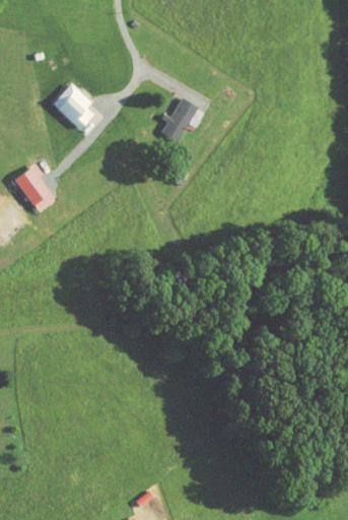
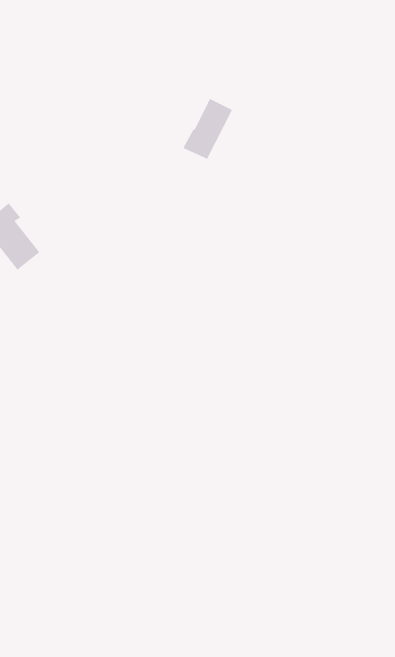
building: [52,83,93,130] -> none

